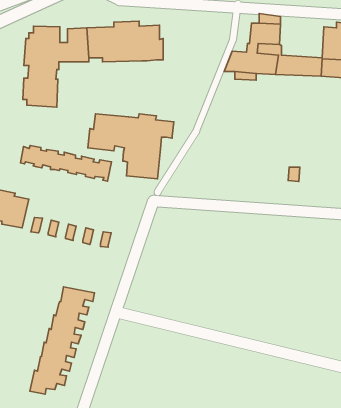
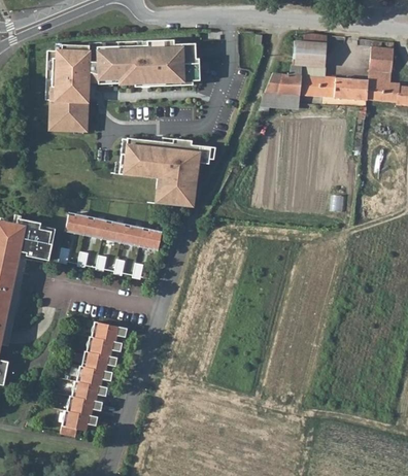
building: [20,145,111,181] -> [66,215,163,253]

